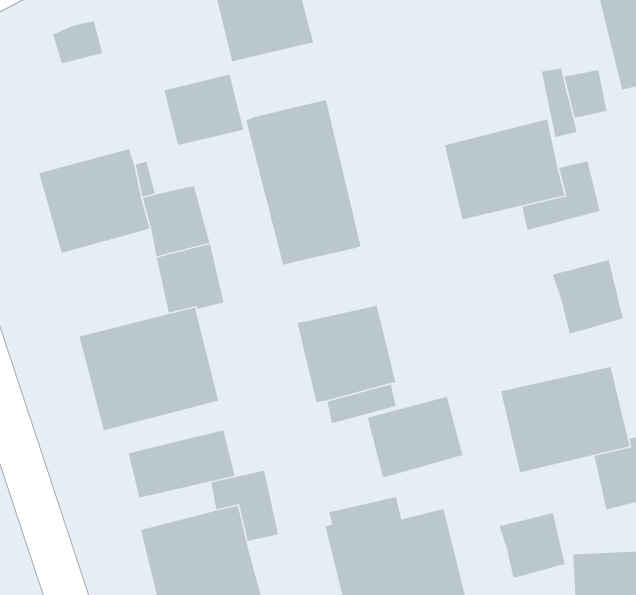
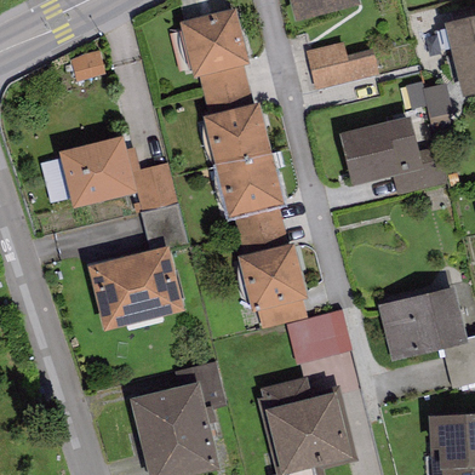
building: none -> [304,39,378,87]
building: [163,74,244,146] -> [198,64,253,114]
building: none -> [236,205,288,254]
building: [552,259,624,334] -> none
building: [128,429,235,499] -> none
building: [498,512,565,579] -> none

